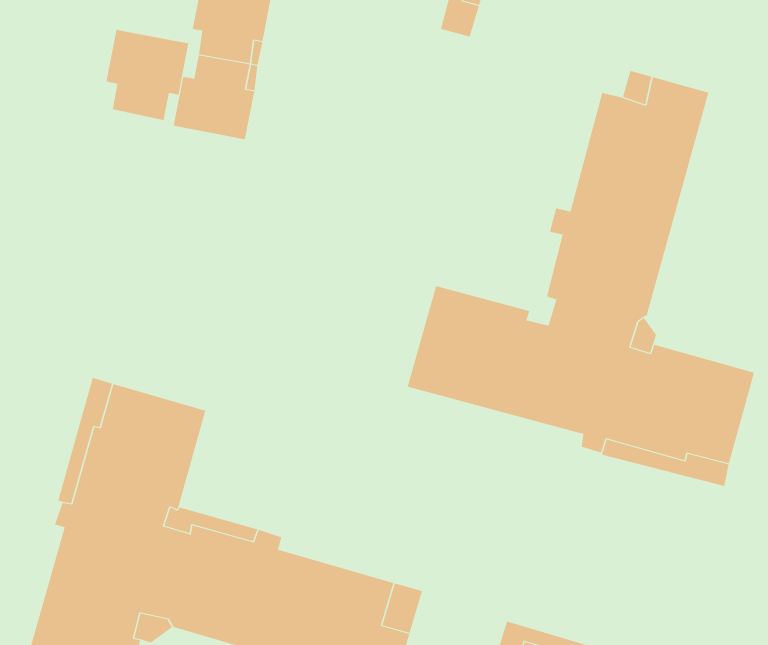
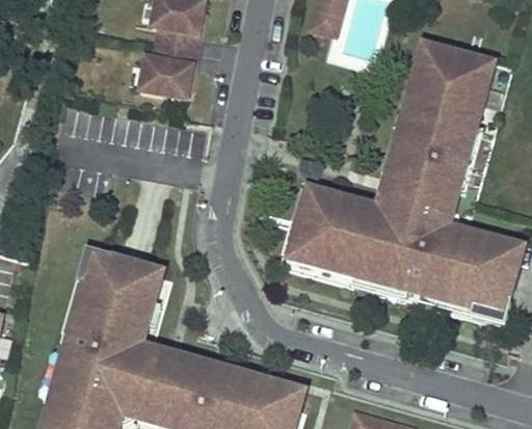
building: [106,29,189,121] -> none

